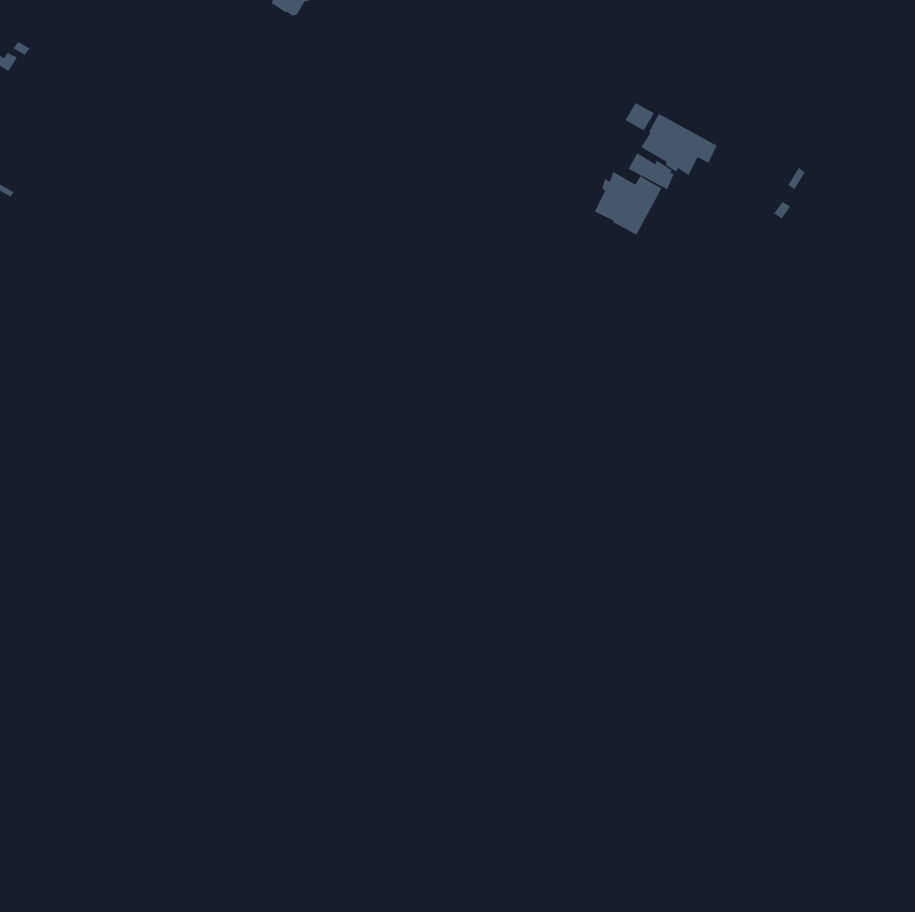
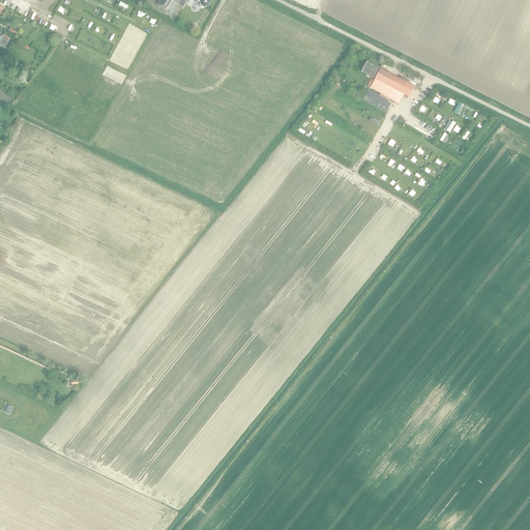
building: [594,171,662,235] -> none

